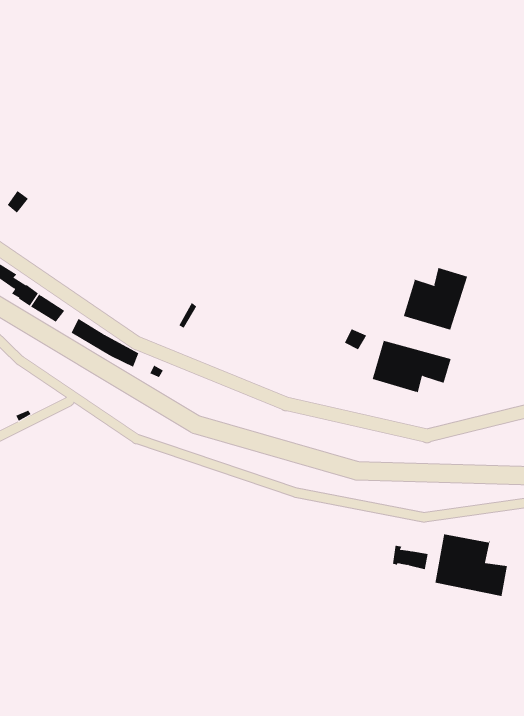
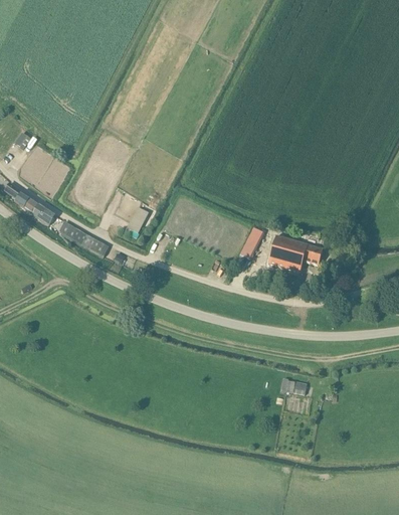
building: [403,267,468,330] -> none
building: [435,534,508,597] -> none

